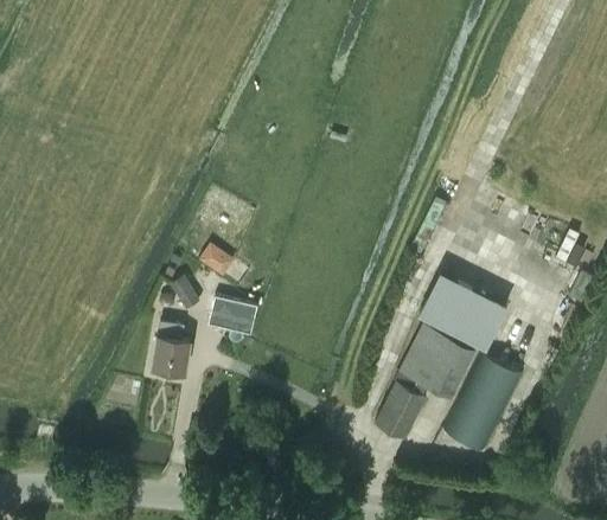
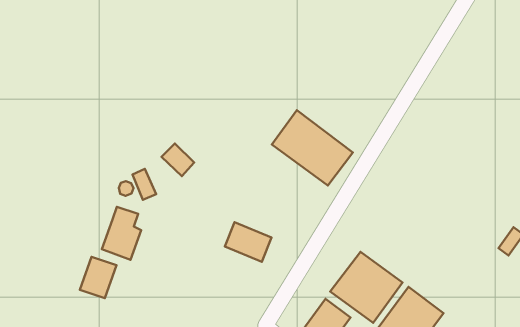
building: [420,275,506,348] -> [272,110,353,186]
building: [209,298,256,335] -> [225,222,271,262]
building: none -> [80,257,116,298]

